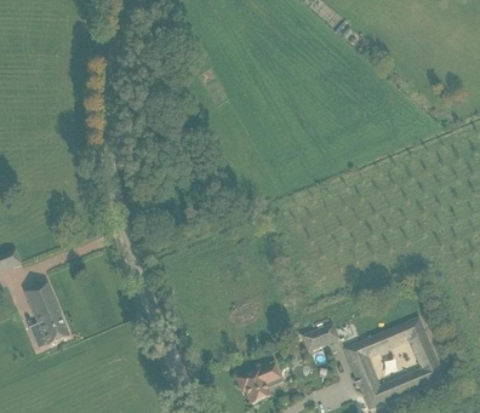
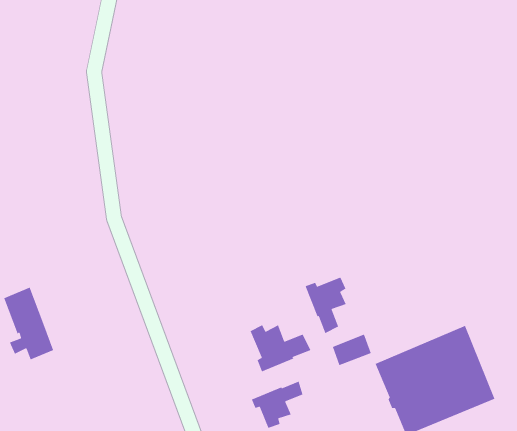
building: none -> [305,277,347,334]
building: none -> [250,324,312,372]

